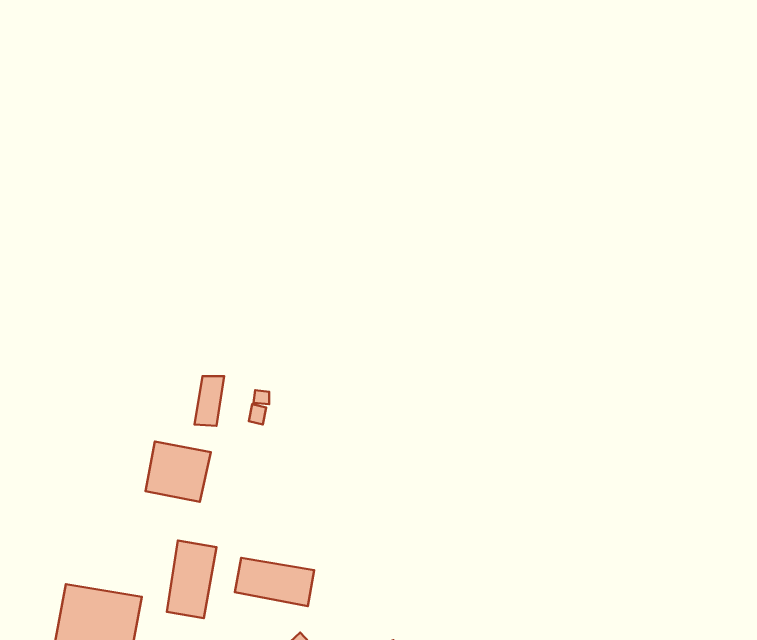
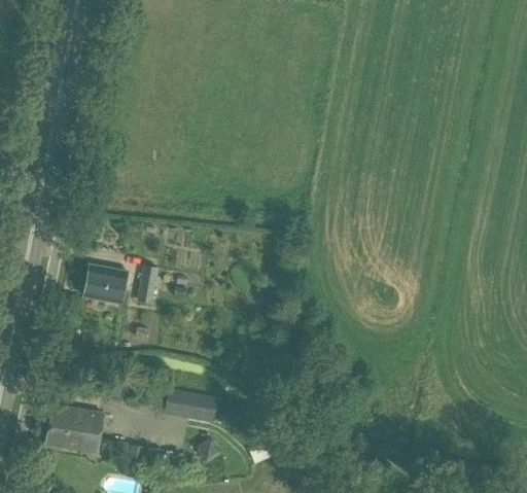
building: [146,441,211,502] -> [84,265,128,305]
building: [167,541,216,618] -> none

